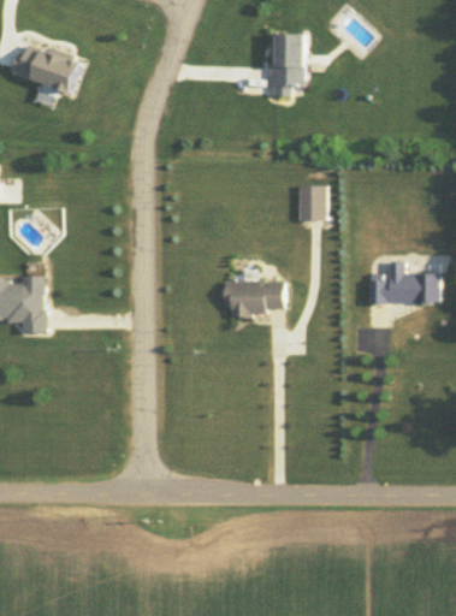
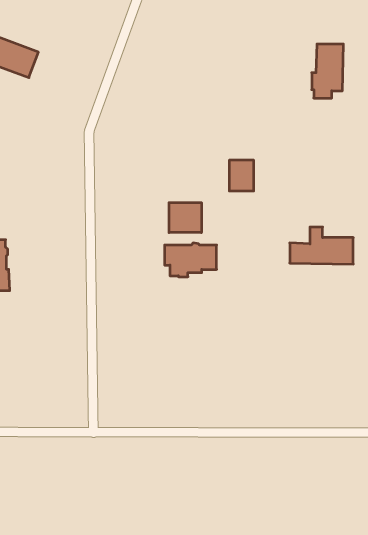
building: [268,34,304,95] -> [312,44,343,98]
building: none -> [169,203,201,233]

